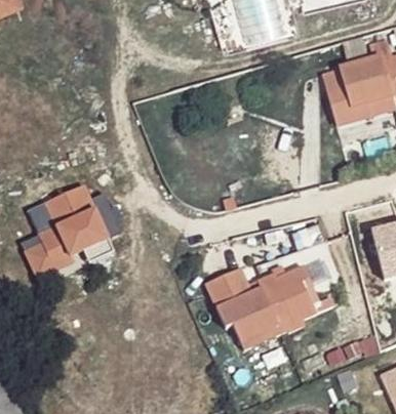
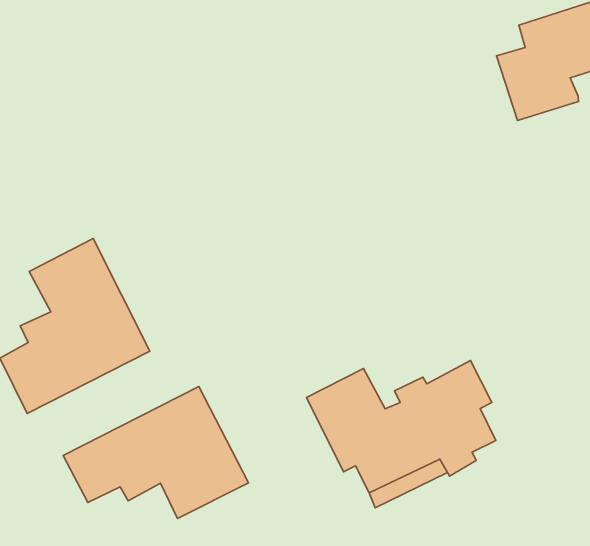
building: none -> [63,386,248,518]

